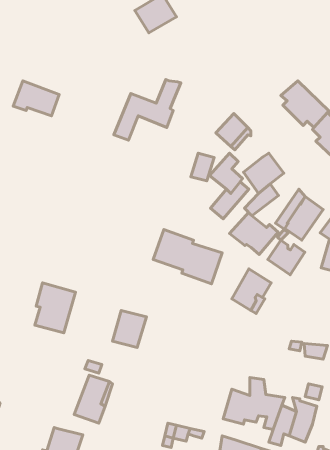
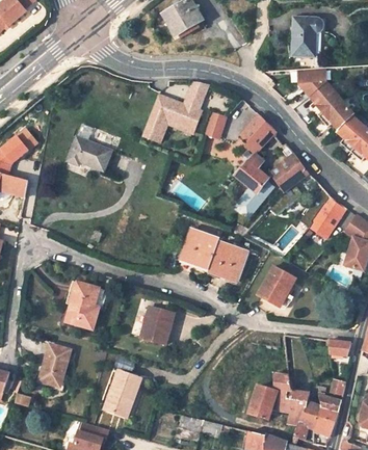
building: none -> [292,17,320,55]
building: none -> [293,68,321,97]
building: [13,81,59,116] -> [65,136,110,170]
building: [191,153,214,181] -> [204,112,227,139]
building: [230,213,278,254] -> none
building: [268,240,305,275] -> none
building: none -> [38,344,70,390]

